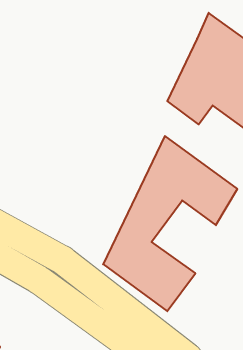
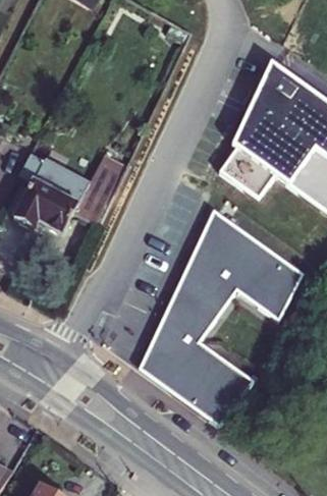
building: none -> [17,149,130,231]

